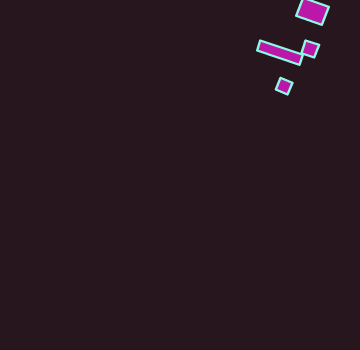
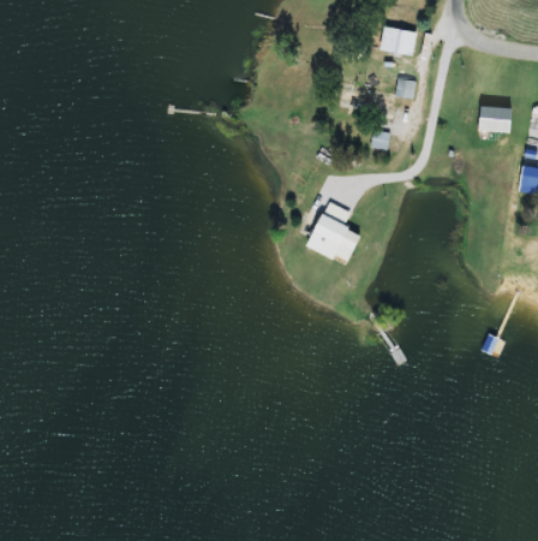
building: none -> [307,213,352,260]

